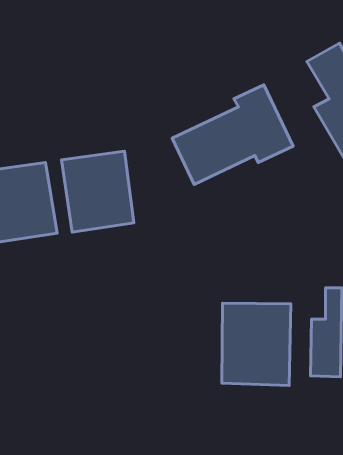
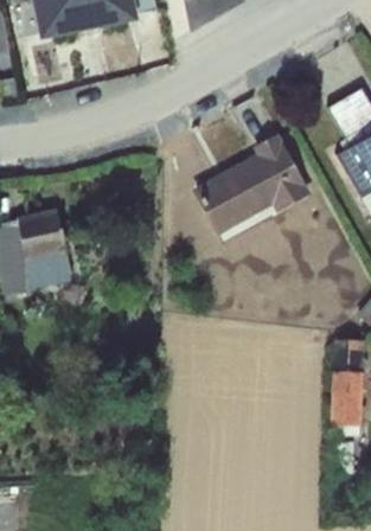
building: [62,151,134,232] -> none
building: [222,303,291,385] -> none

